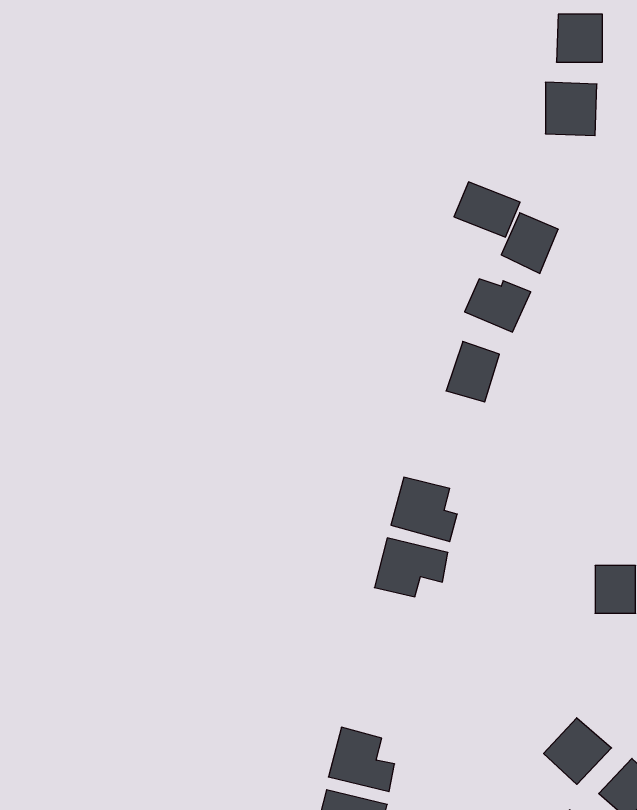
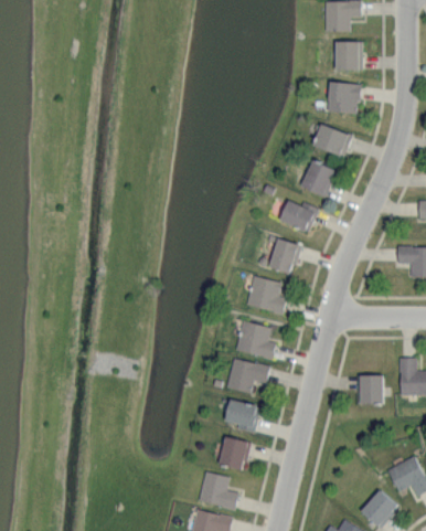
building: [454,182,520,237] -> [312,125,352,158]
building: none -> [246,276,286,315]
building: none -> [224,399,259,433]
building: none -> [220,436,249,468]
building: [544,718,612,784] -> none

